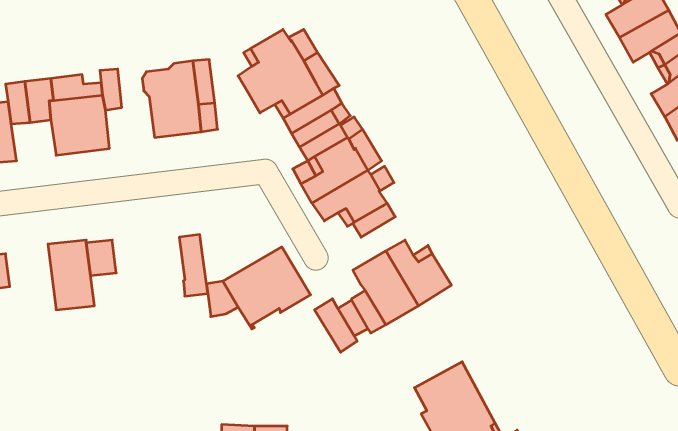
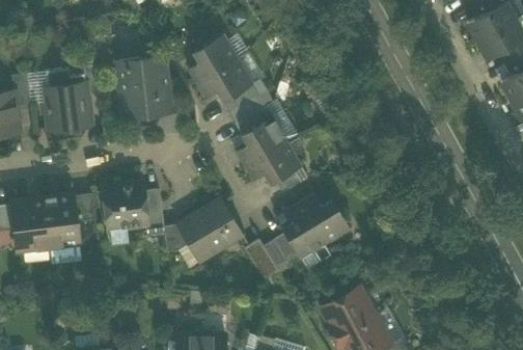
building: none -> [104,185,147,231]
building: none -> [15,198,50,252]

